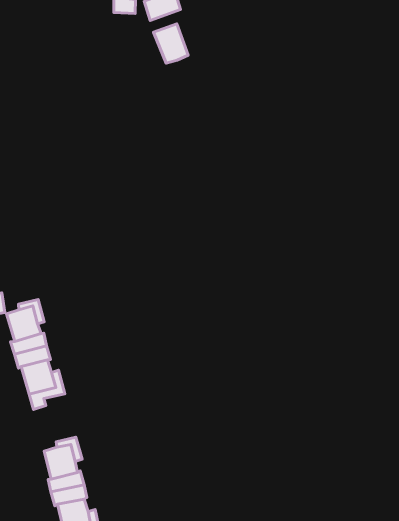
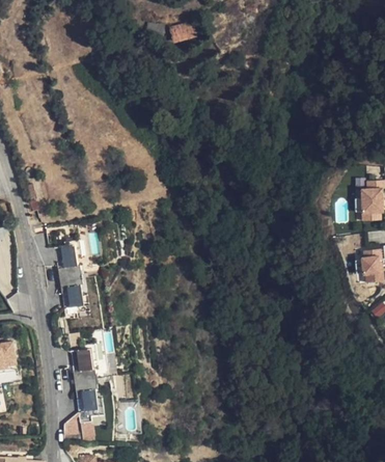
building: [154,24,188,63] -> none

